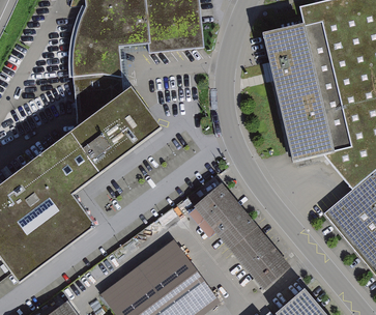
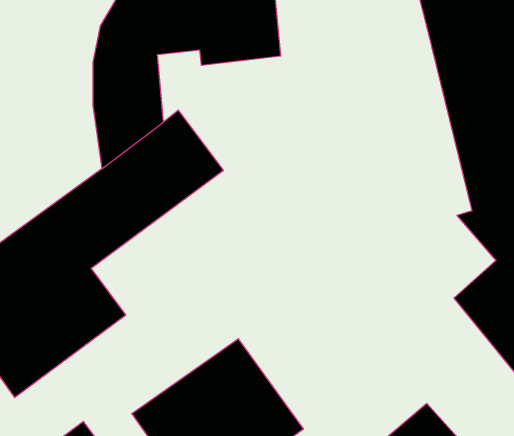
building: [262,27,334,164] -> none
building: [187,182,289,286] -> none

